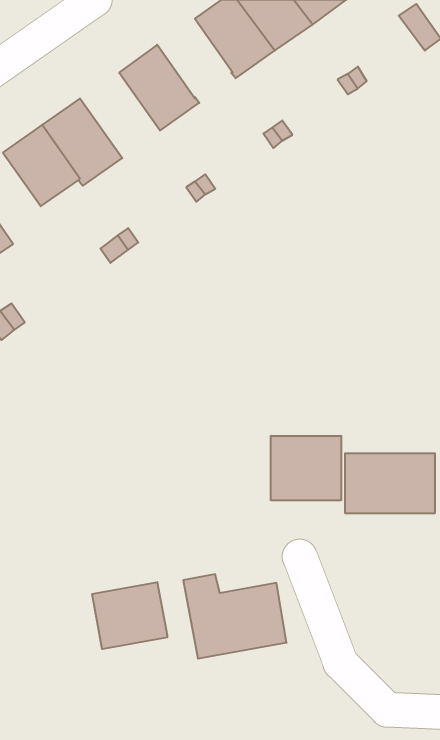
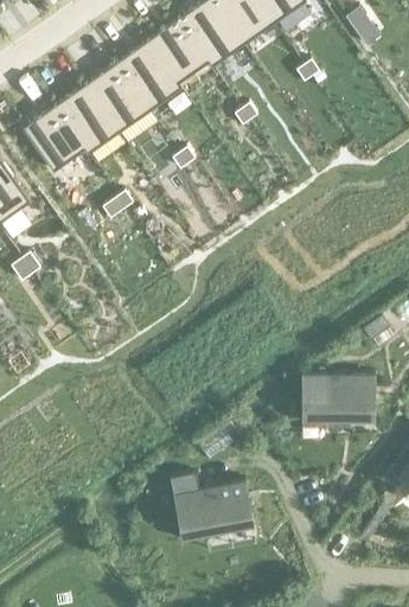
building: none -> [148,18,210,83]
building: none -> [85,62,151,132]
building: [271,436,341,500] -> none
building: [92,582,167,649] -> none

